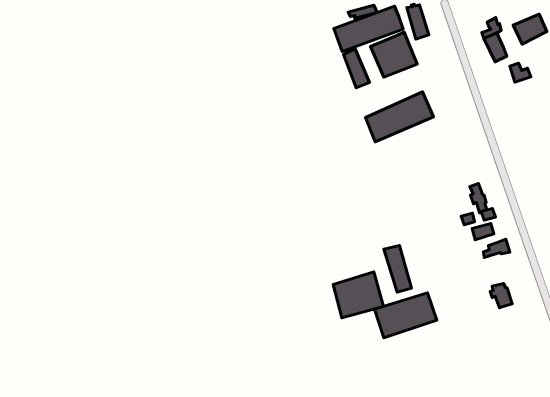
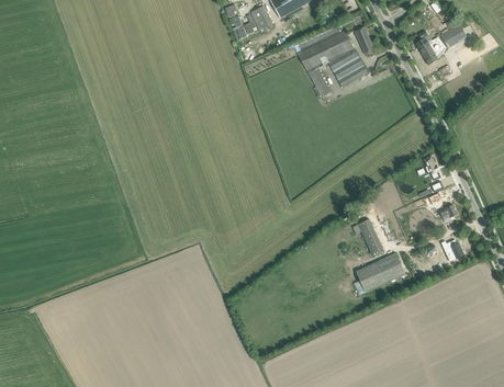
building: [365,92,433,142] -> none
building: [333,272,383,318] -> none

